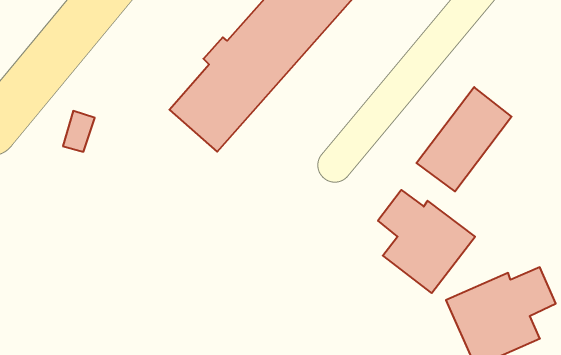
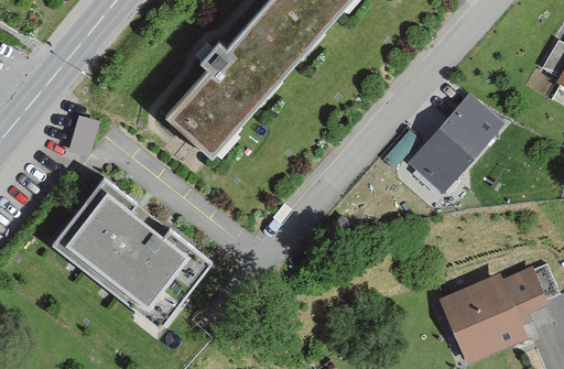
building: none -> [54,180,217,330]
building: [378,190,475,293] -> none

